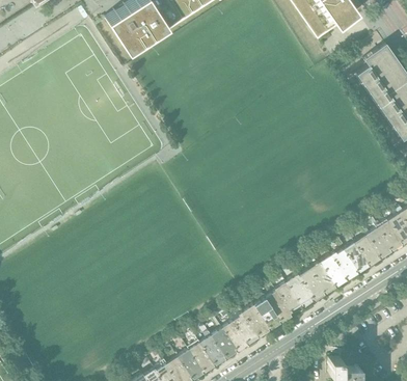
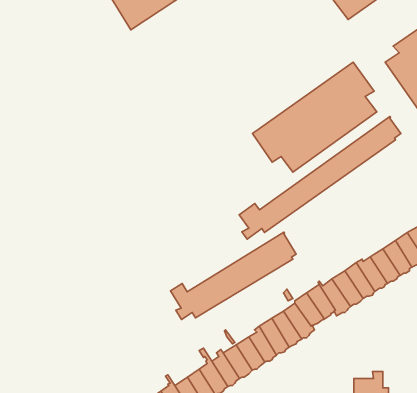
building: none -> [252,62,377,172]
building: none -> [239,116,401,239]
building: none -> [170,232,296,319]

